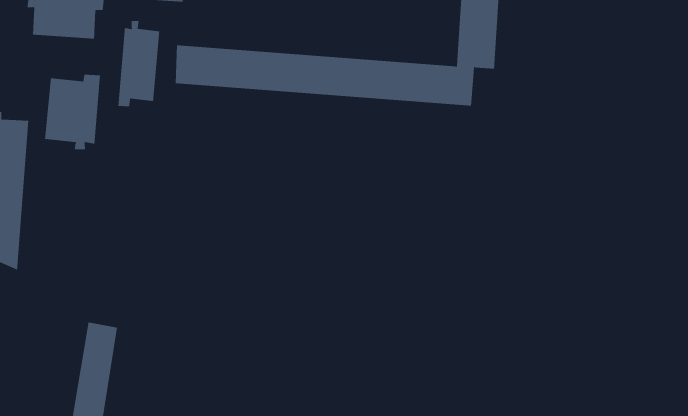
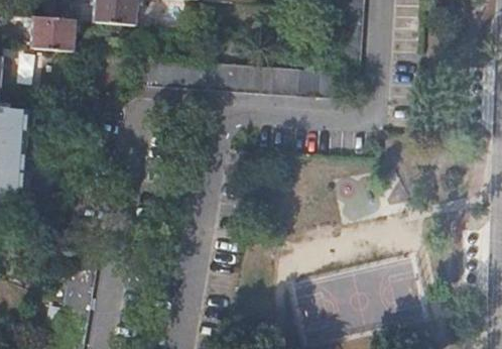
building: [118,20,160,107] -> none
building: [45,74,100,150] -> none

